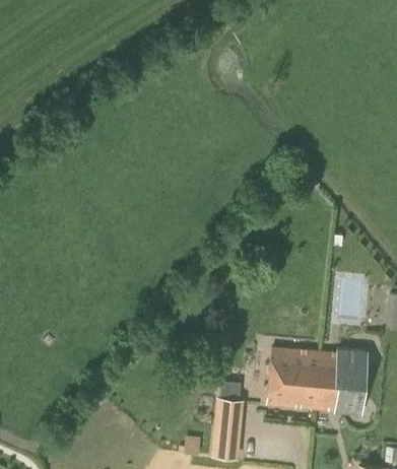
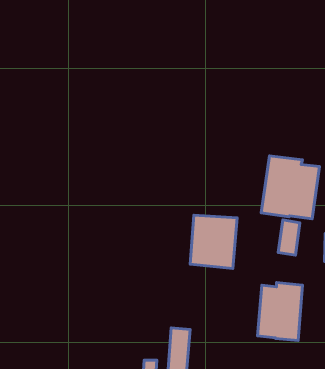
building: none -> [261,156,320,219]
building: [268,348,321,408] -> [190,215,237,269]

